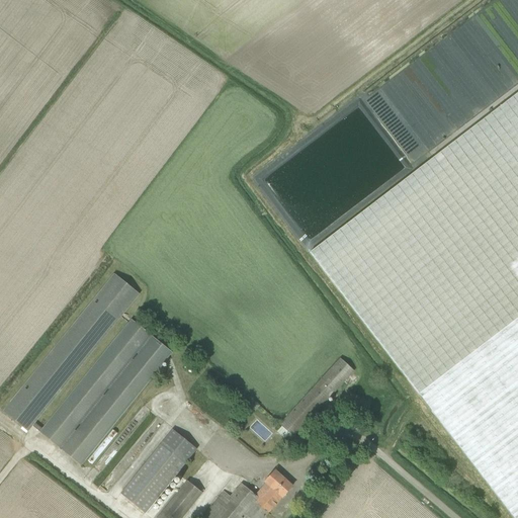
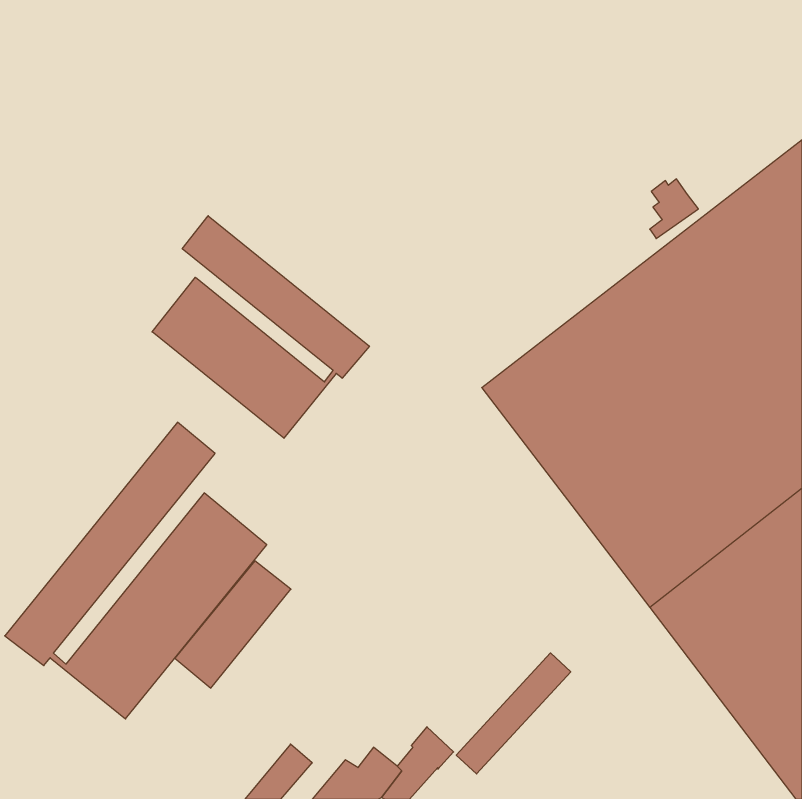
building: none -> [152,216,369,438]
building: [280,357,354,435] -> [456,653,571,774]
building: [121,429,196,511] -> [175,561,291,688]

